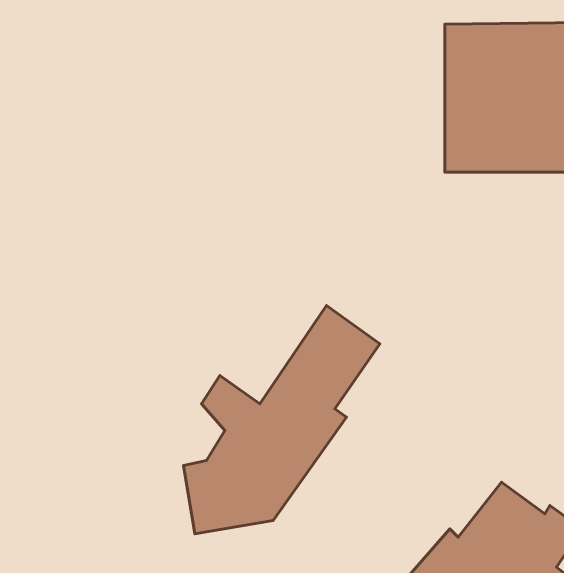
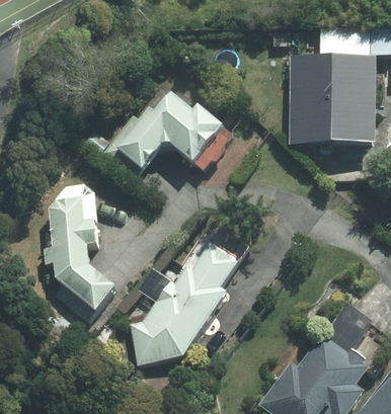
building: none -> [103,82,224,176]
building: none -> [45,185,118,320]

